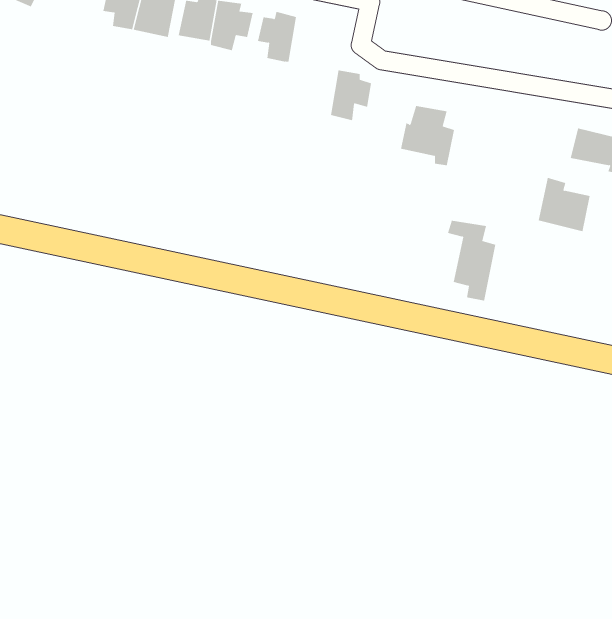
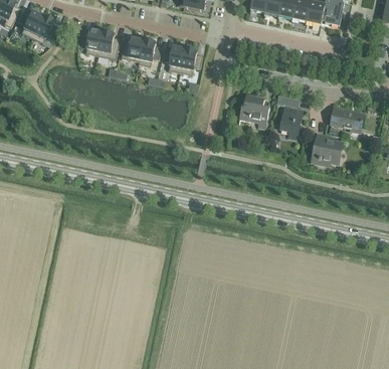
building: [330,70,372,121] -> [180,47,202,74]
building: [447,220,496,301] -> [276,96,303,139]

